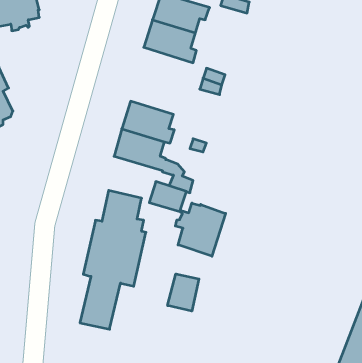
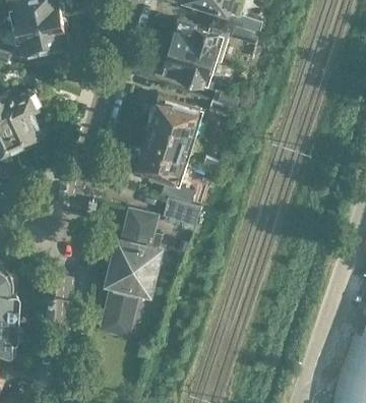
building: none -> [151,100,204,138]
building: [175,203,226,256] -> none
building: [168,274,199,311] -> none

